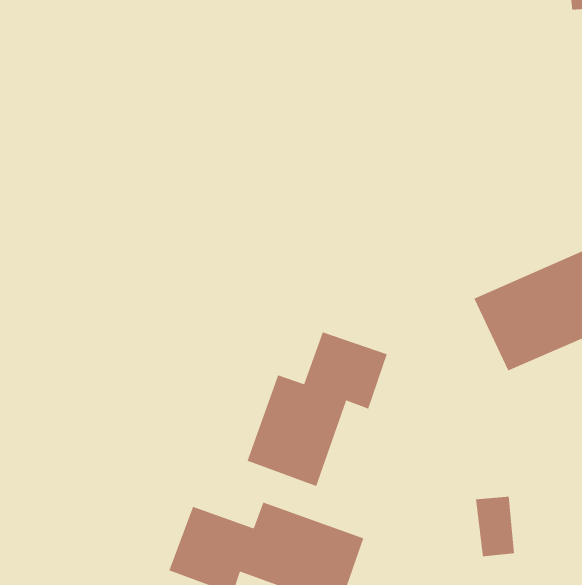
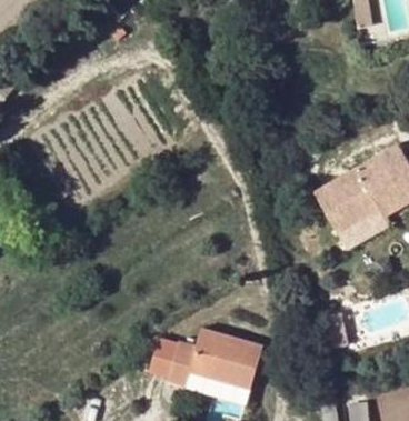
building: [247,331,388,487] -> none

